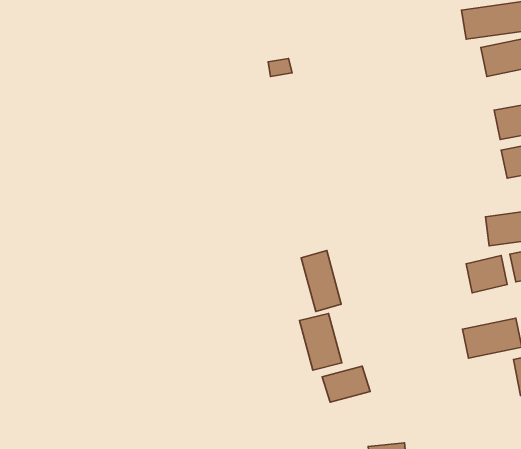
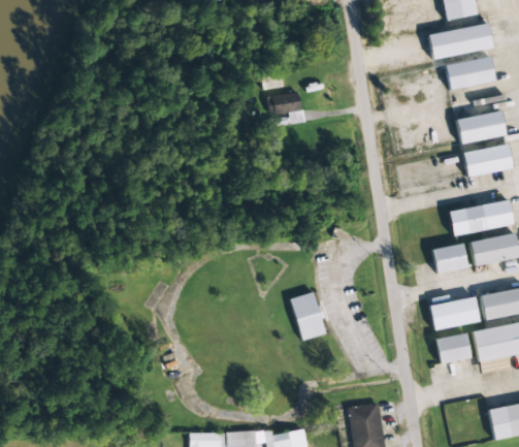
building: none -> [268,92,304,124]
building: [301,250,341,311] -> none
building: none -> [435,332,471,363]
building: [322,366,370,402] -> none

